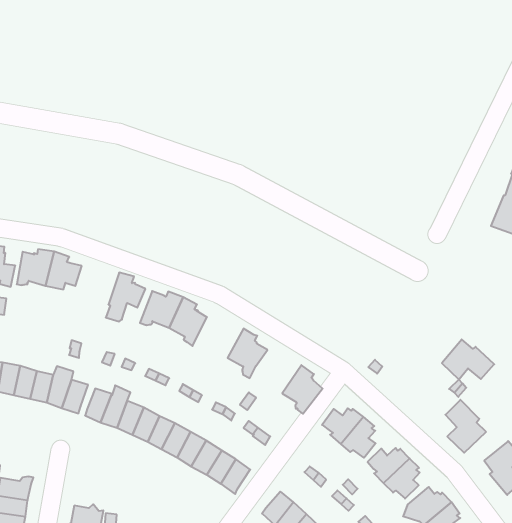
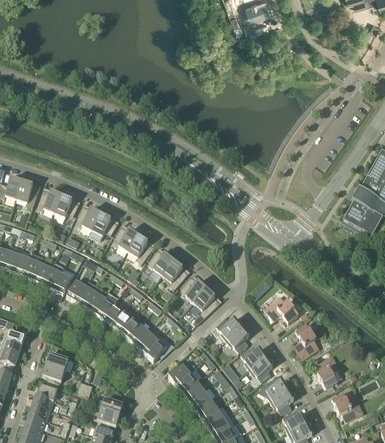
building: none -> [75,203,103,228]
building: none -> [148,248,176,274]
building: [442,339,494,379] -> [265,295,298,322]
building: none -> [178,276,209,302]

